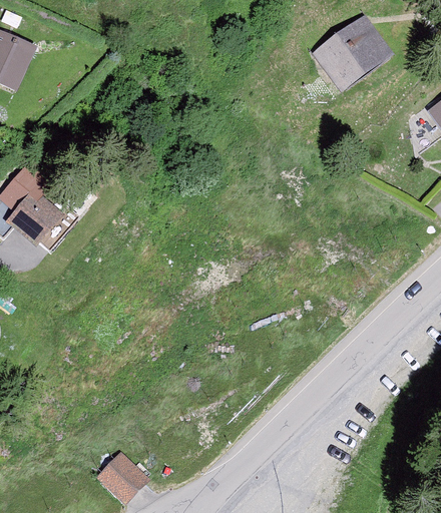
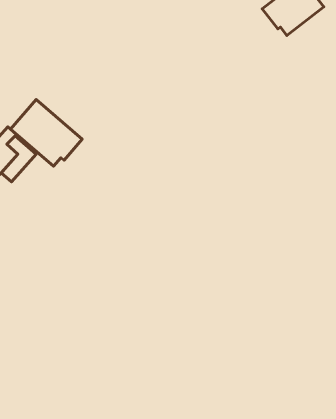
building: none -> [11,100,82,166]
building: [100,458,142,500] -> none

